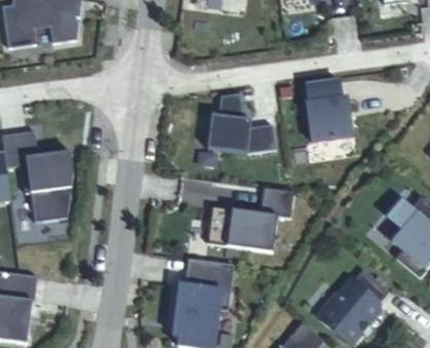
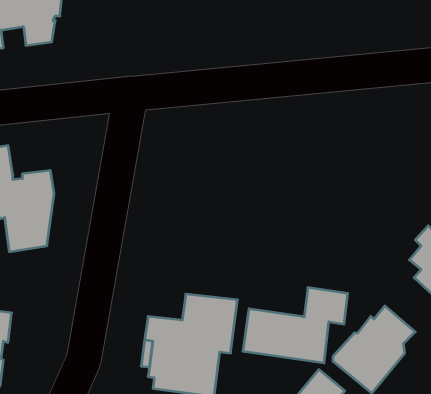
building: [309,80,359,142] -> none
building: [205,92,275,153] -> none
building: [204,187,296,253] -> [243,288,348,363]

